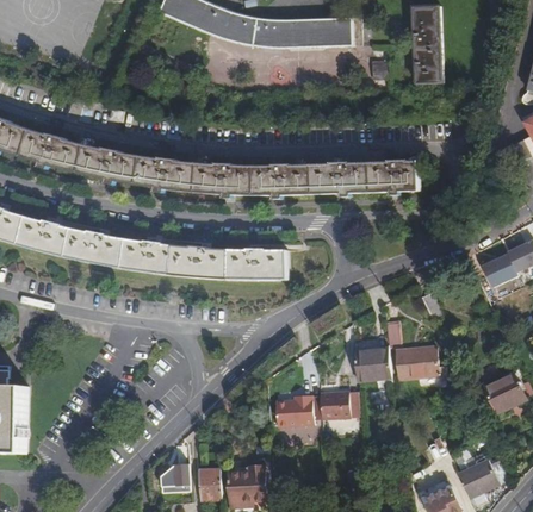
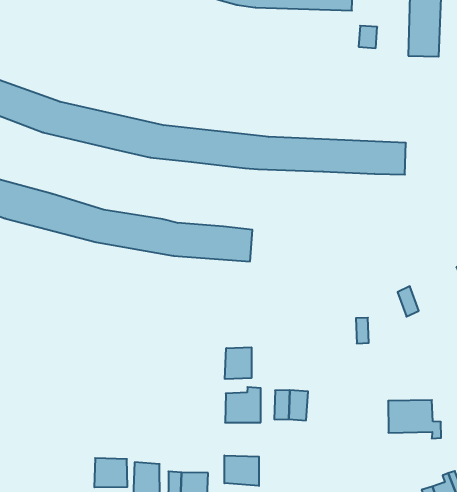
building: [397,345,447,380] -> [388,400,441,438]
building: [355,349,390,383] -> none
building: none -> [225,347,251,379]
building: none -> [224,455,259,486]

